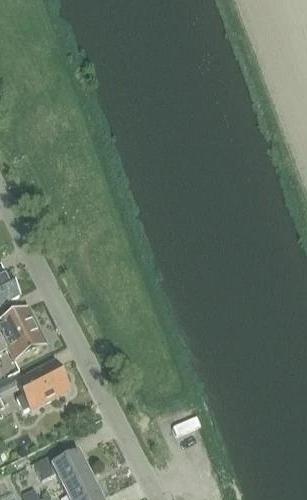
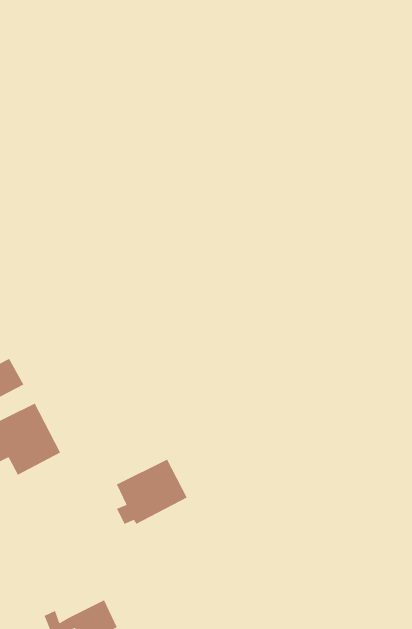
building: [16,360,69,409] -> [116,458,188,525]

